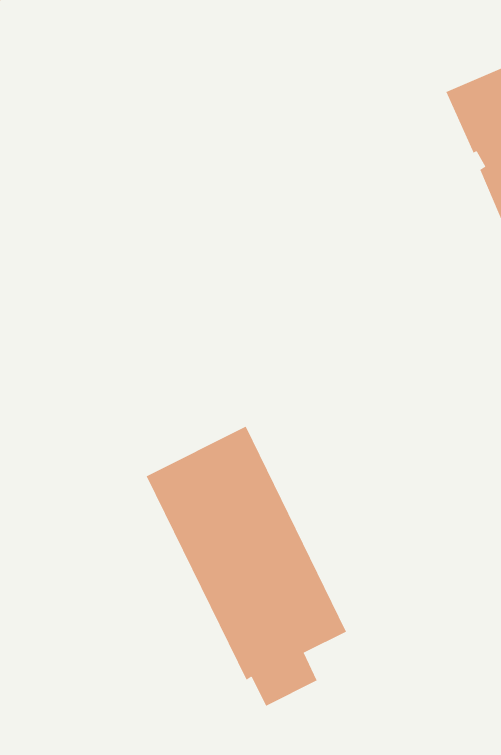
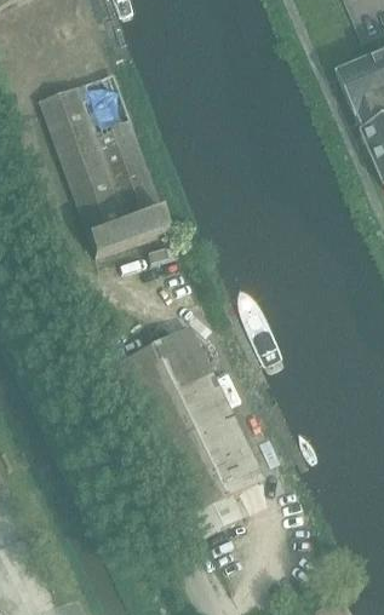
building: none -> [38,85,167,254]

